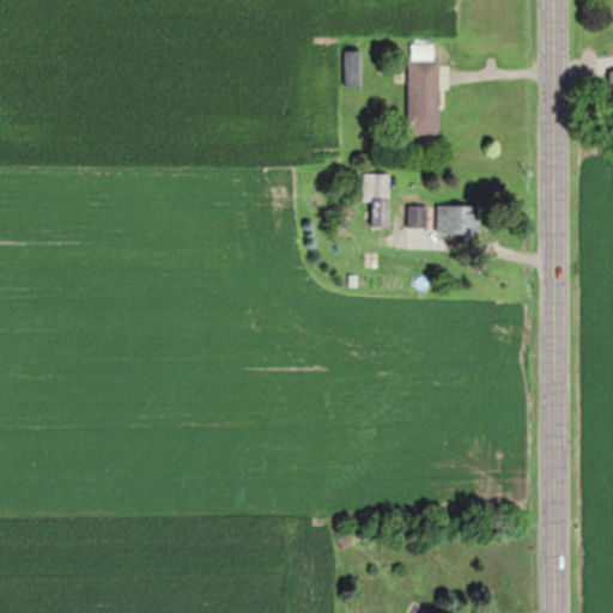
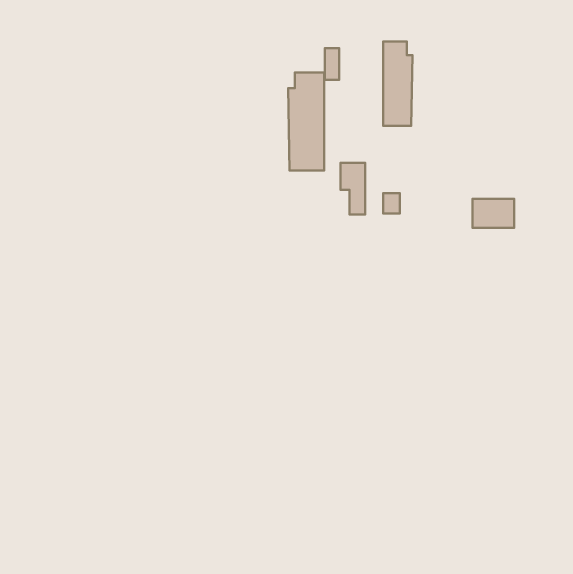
building: none -> [288,72,324,171]
building: [437,206,481,237] -> [473,199,514,228]

